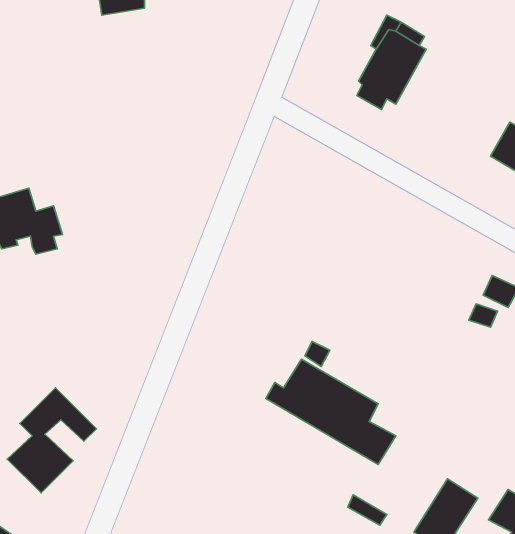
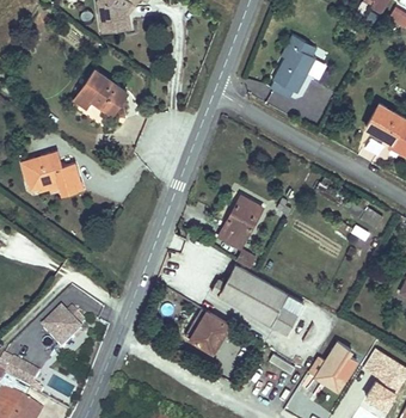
building: none -> [73,70,127,113]
building: none -> [219,193,263,247]
building: none -> [190,311,228,350]

